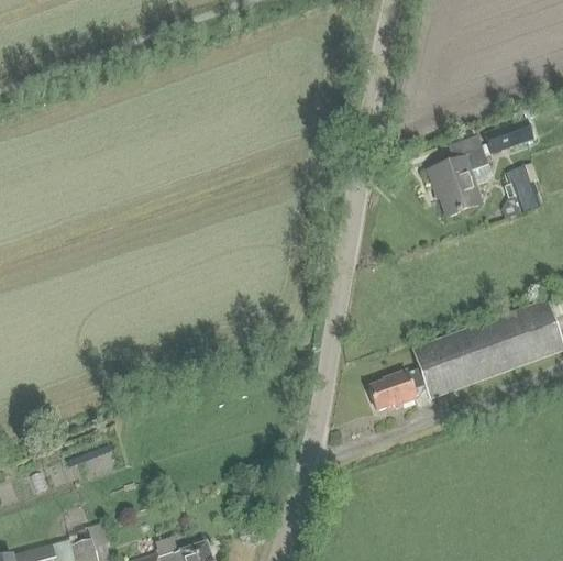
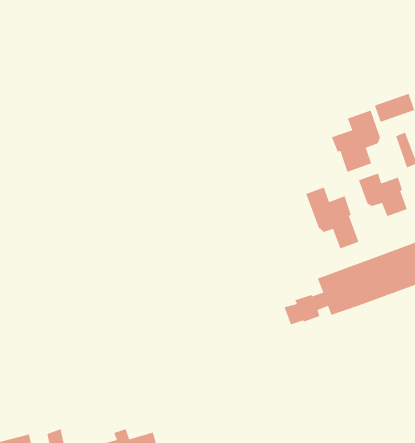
building: none -> [358,172,408,217]
building: none -> [305,187,359,250]

